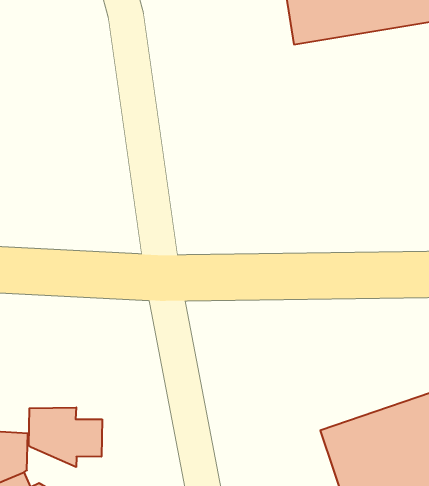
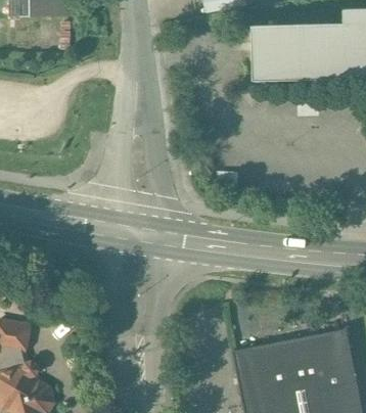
building: [29,407,102,467] -> none

